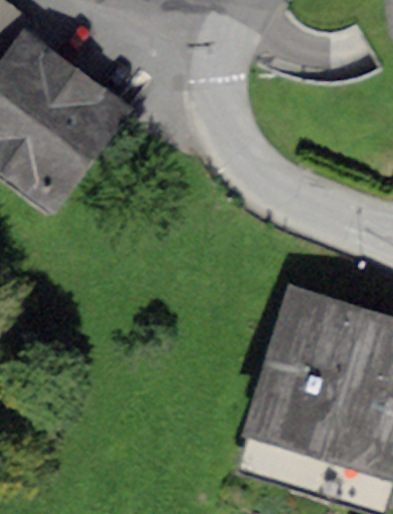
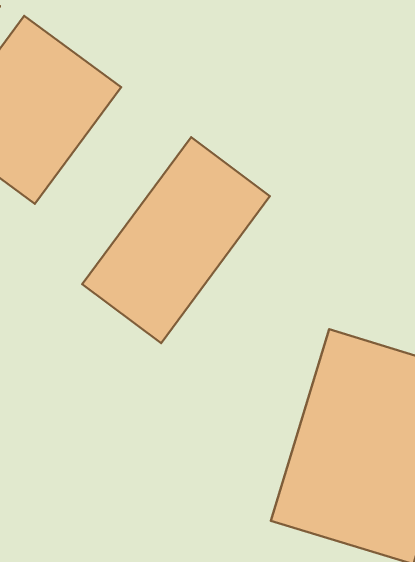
building: none -> [82,137,270,343]

